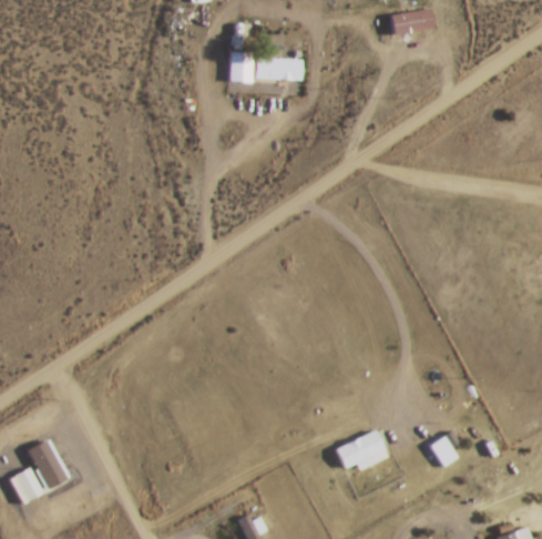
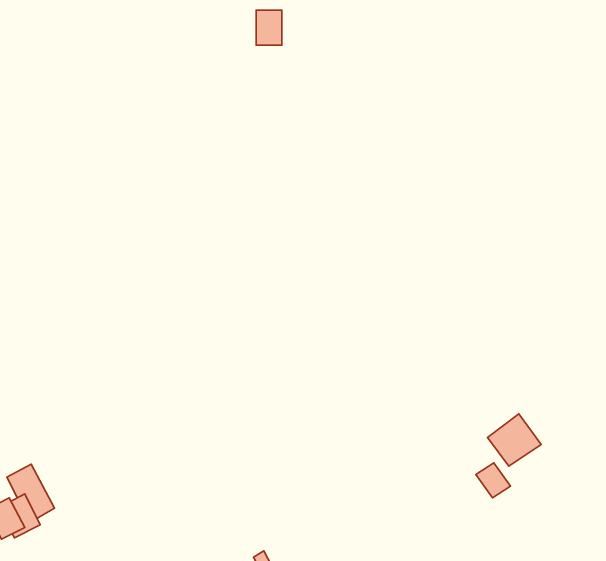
building: [265,57,313,79] -> none
building: none -> [487,414,541,466]
building: [333,433,381,470] -> none

